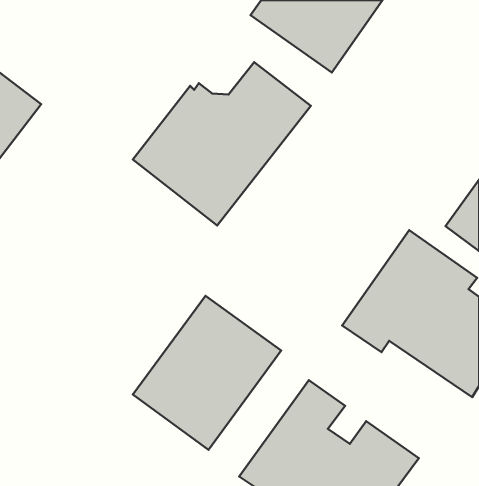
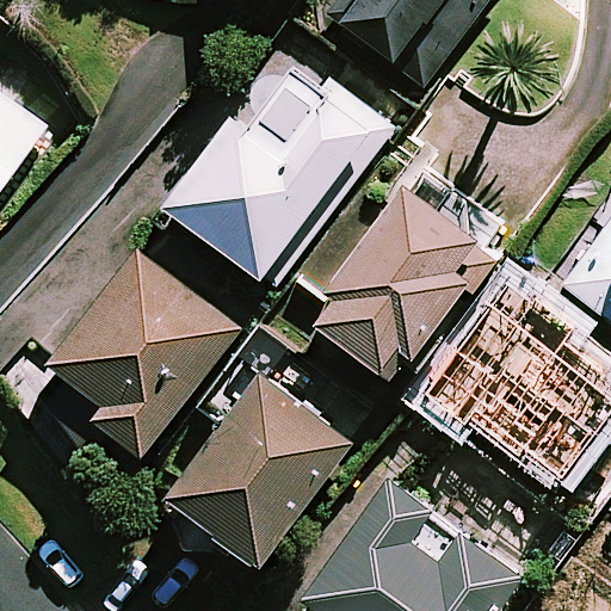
building: none -> [314,181,479,377]
building: none -> [48,248,240,458]

